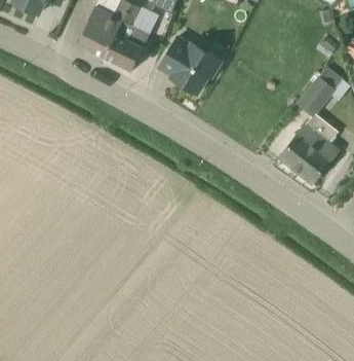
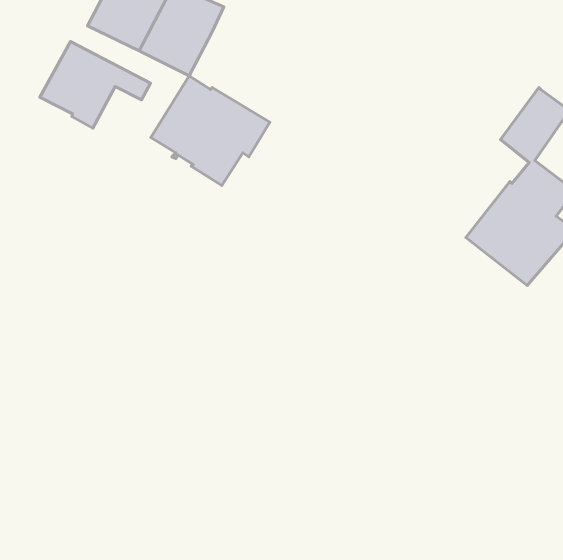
building: [158,34,222,93] -> [151,76,270,186]
building: none -> [40,41,150,128]

